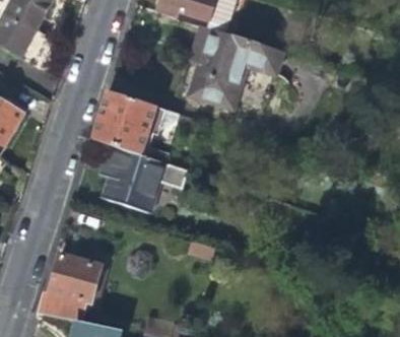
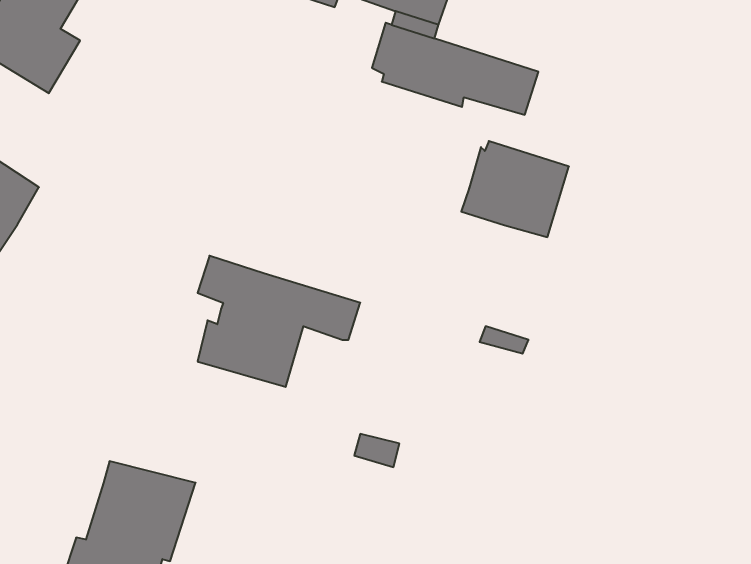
building: [187,56,243,106] -> [461,141,569,237]
building: [91,91,179,155] -> none

